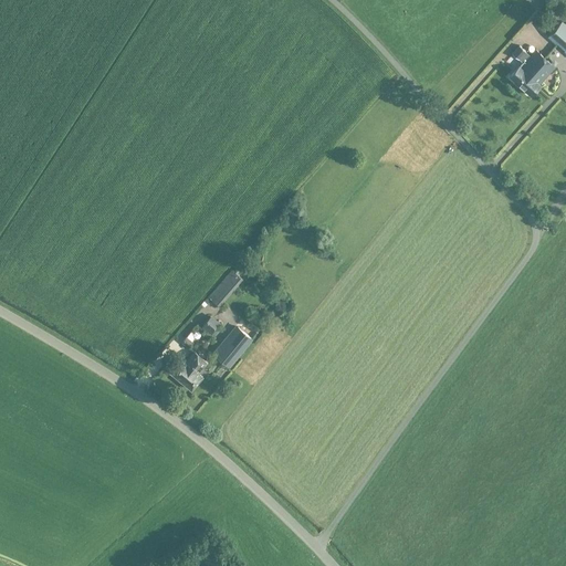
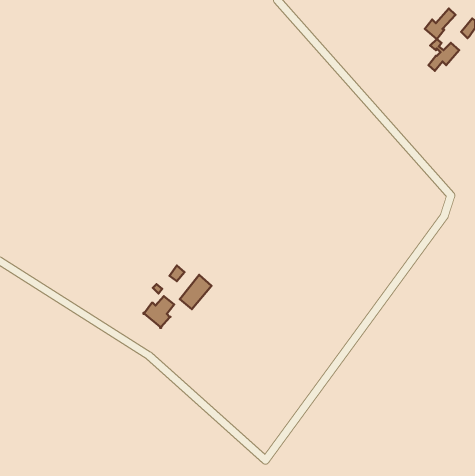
building: [516,60,553,96] -> [425,8,455,39]
building: [207,269,242,306] -> none

